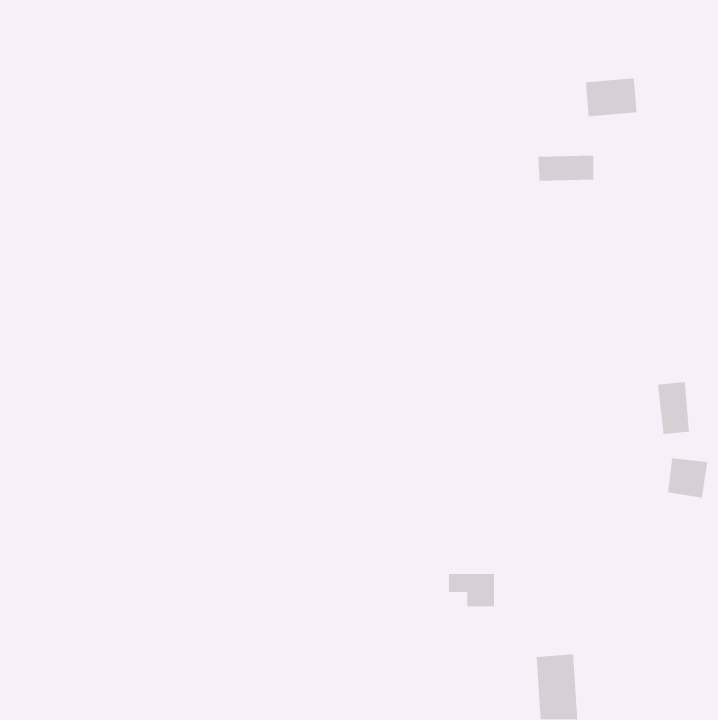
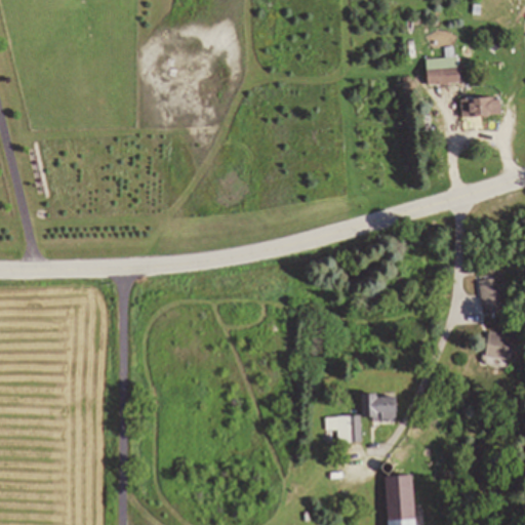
building: [537,155,594,182] -> [460,97,501,117]
building: none -> [365,395,401,419]

